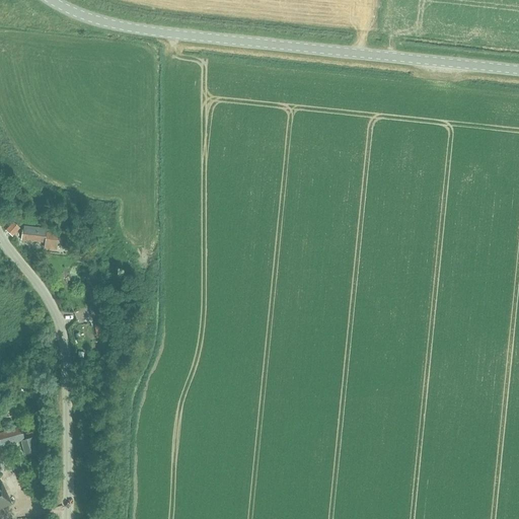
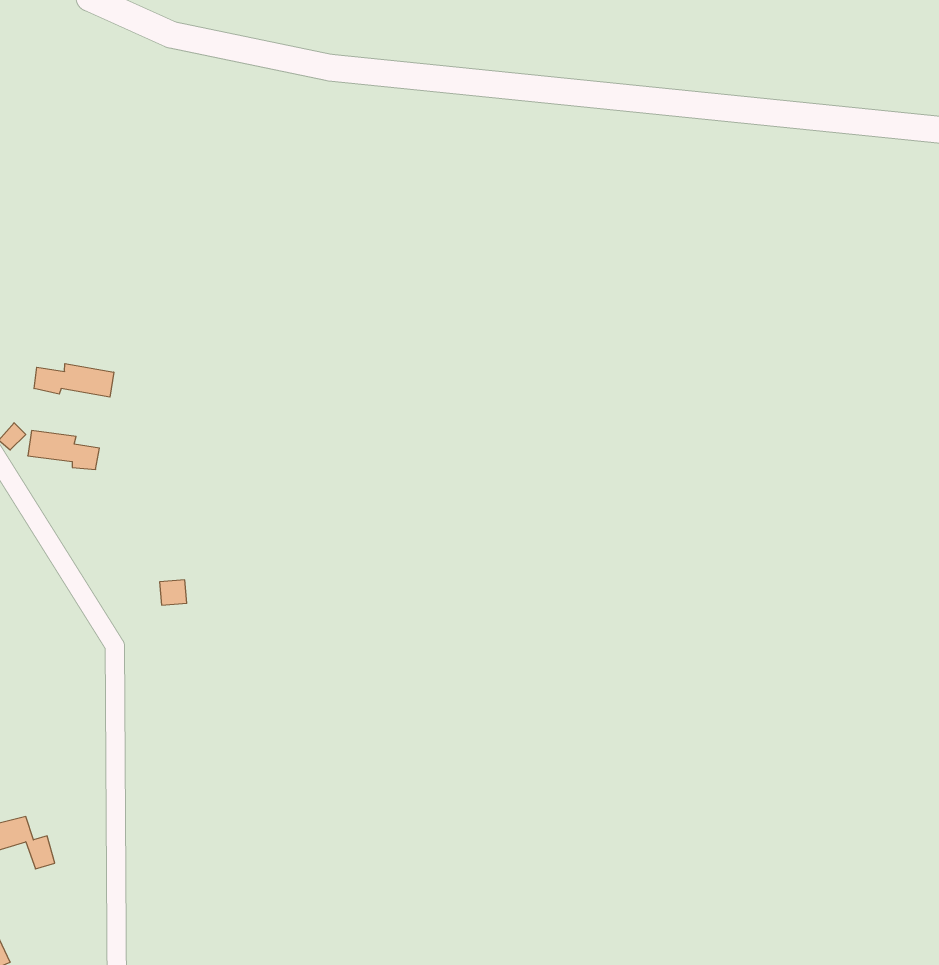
building: none -> [34,364,114,397]

